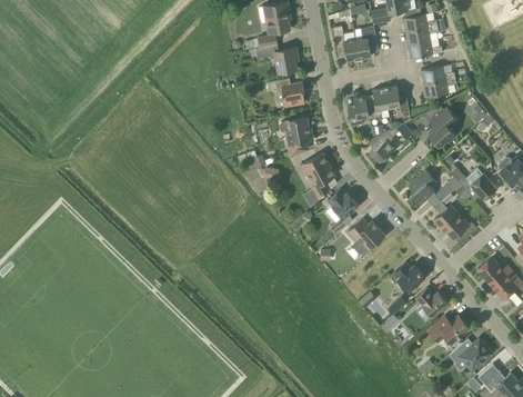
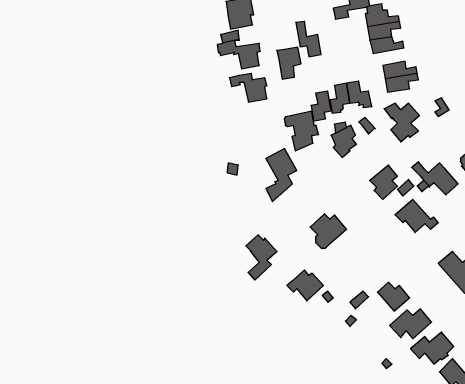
building: [353,27,378,59] -> [277,47,301,79]
building: [279,117,313,157] -> [284,111,319,151]
building: [328,189,359,235] -> [246,235,277,280]
building: [389,261,425,292] -> [287,270,323,301]

